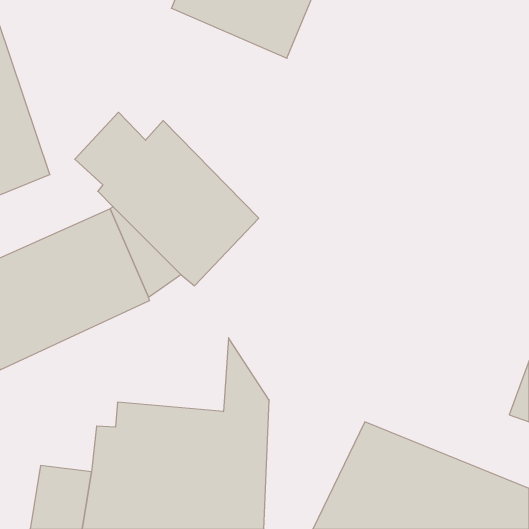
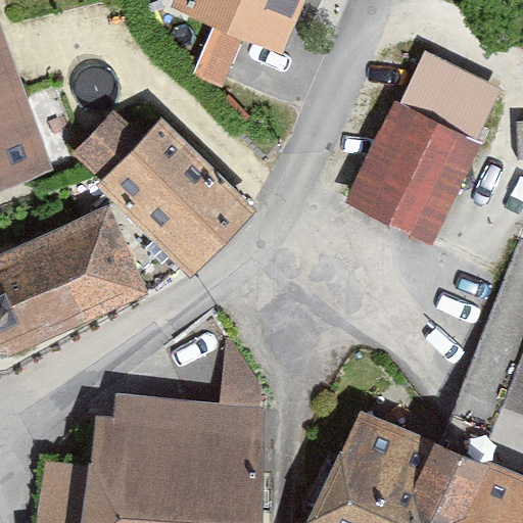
building: none -> [344,50,501,247]

